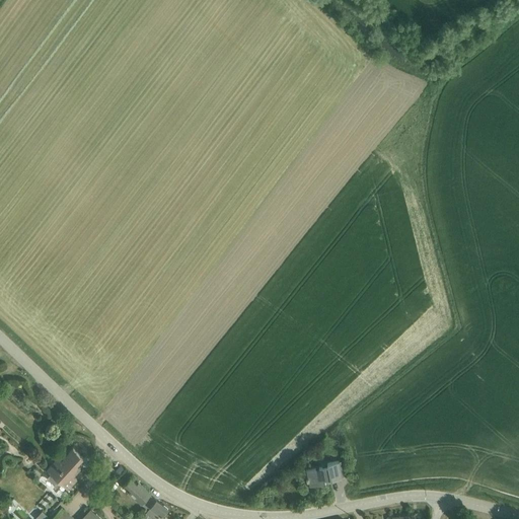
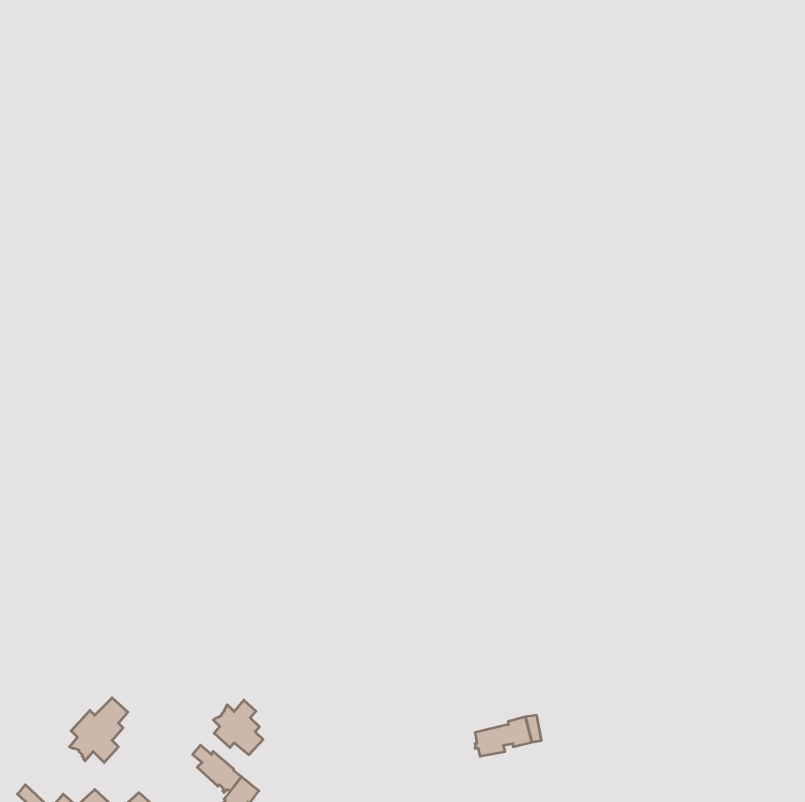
building: none -> [213,700,263,755]

